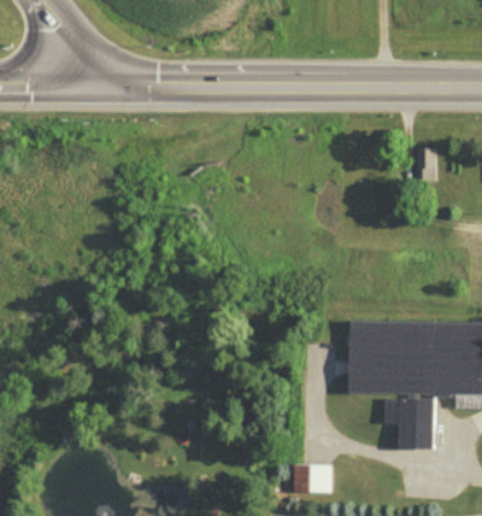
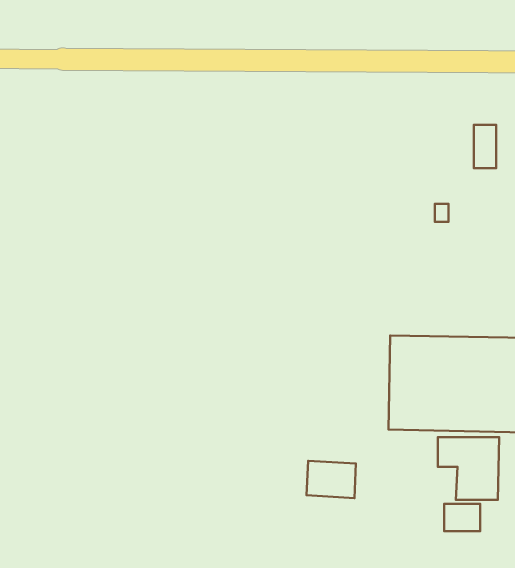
building: none -> [444,504,480,531]
building: [289,464,329,494] -> [307,461,356,498]

